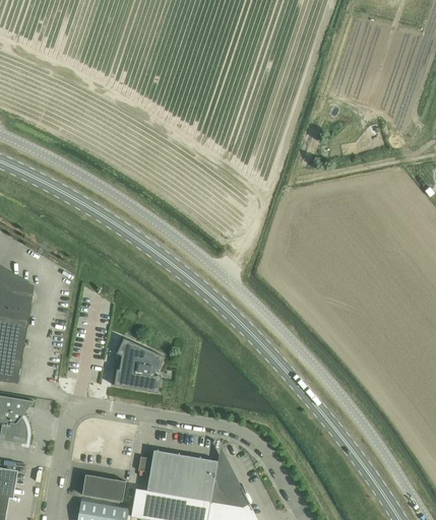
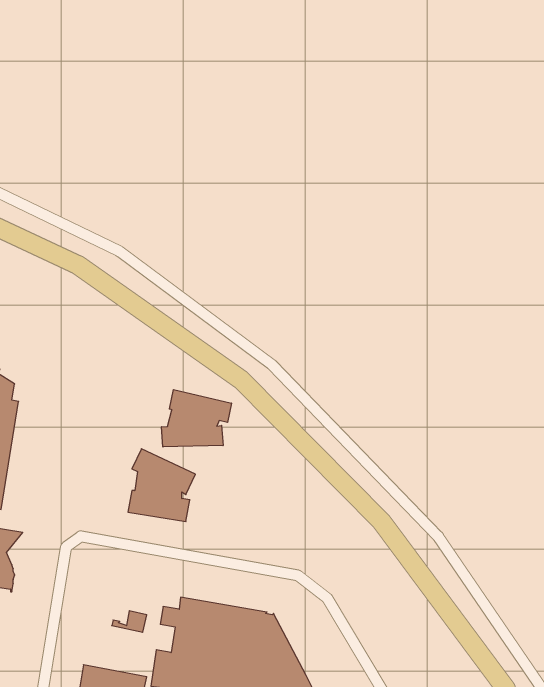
building: none -> [162,390,231,447]
building: [82,474,126,502] -> none

